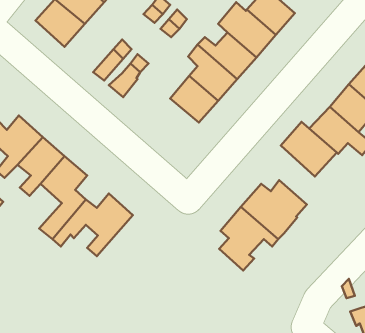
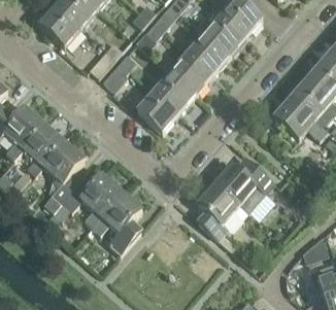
building: none -> [137,91,179,132]
building: [281,122,337,177] -> none
building: none -> [92,191,142,252]

